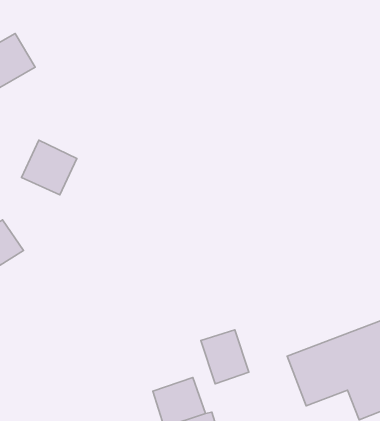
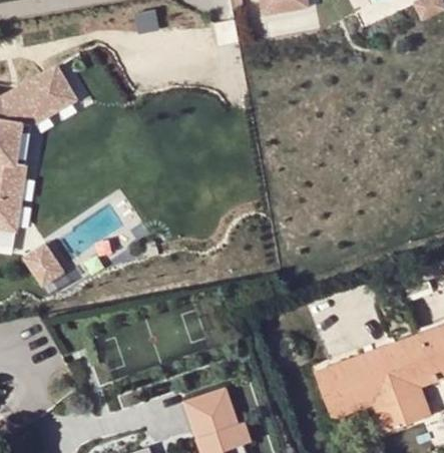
building: [21,140,77,195] -> none
building: [201,330,249,384] -> none

